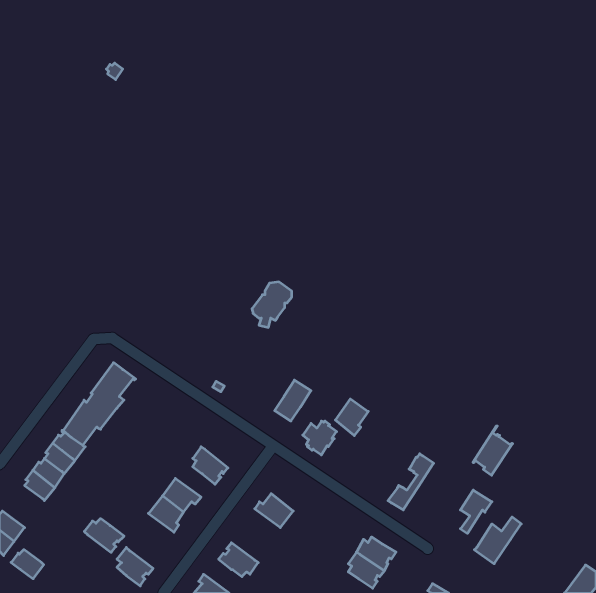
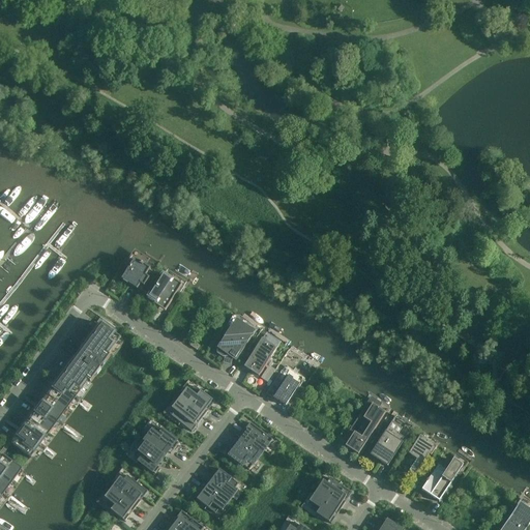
building: [252,282,292,327] -> [215,322,251,362]
building: none -> [120,257,149,289]
building: none -> [147,271,181,308]
building: [335,399,368,436] -> none
building: [473,426,513,475] -> [370,420,405,464]
building: none -> [178,383,213,414]
building: none -> [240,419,271,452]
building: [84,519,124,552] -> [112,473,147,503]
building: none -> [205,465,237,498]
building: [11,550,44,579] -> [10,430,39,455]

